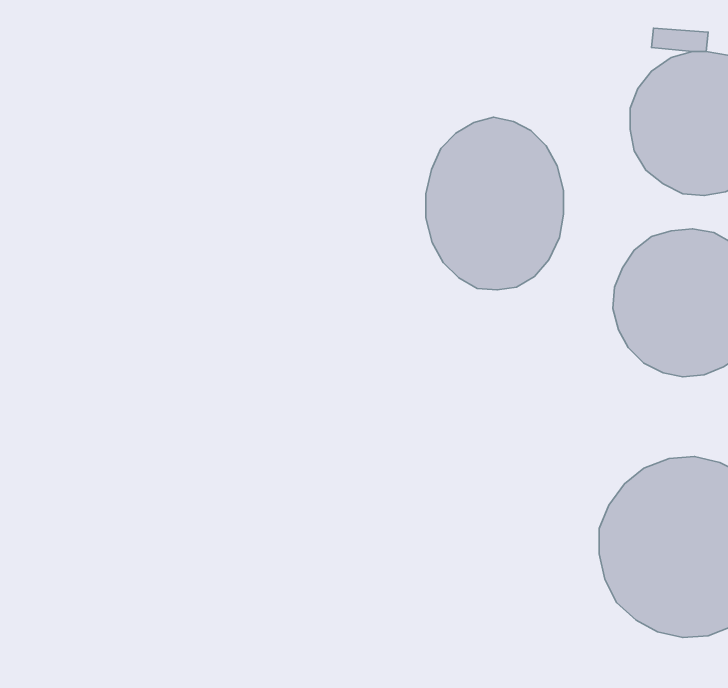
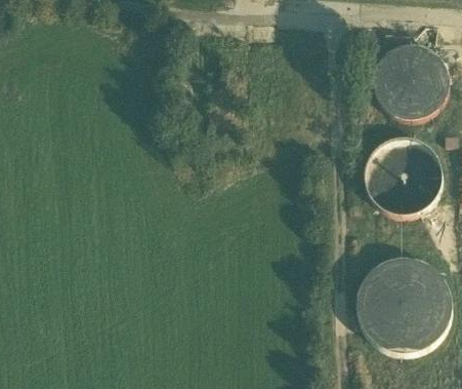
building: [426,117,564,290] -> none

